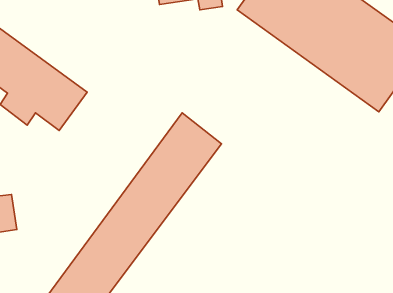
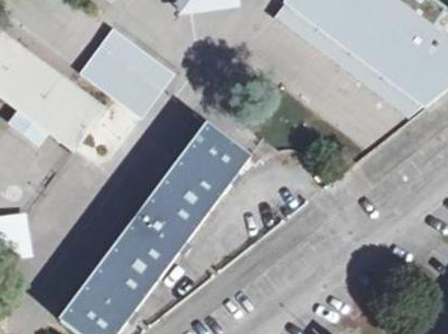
building: none -> [73,24,170,116]

